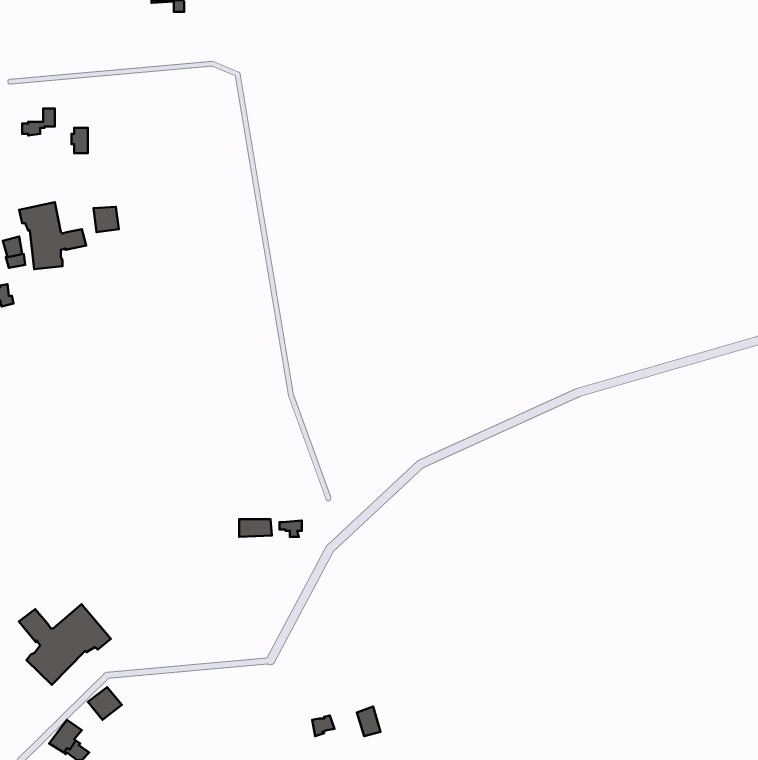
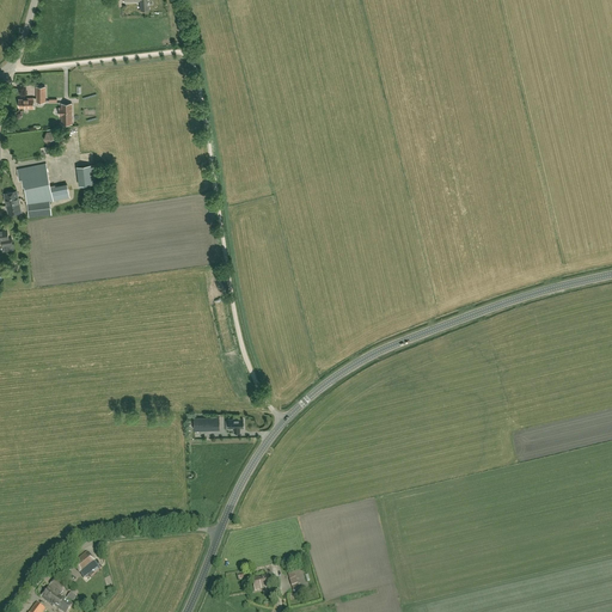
building: [19,604,111,685] -> none

